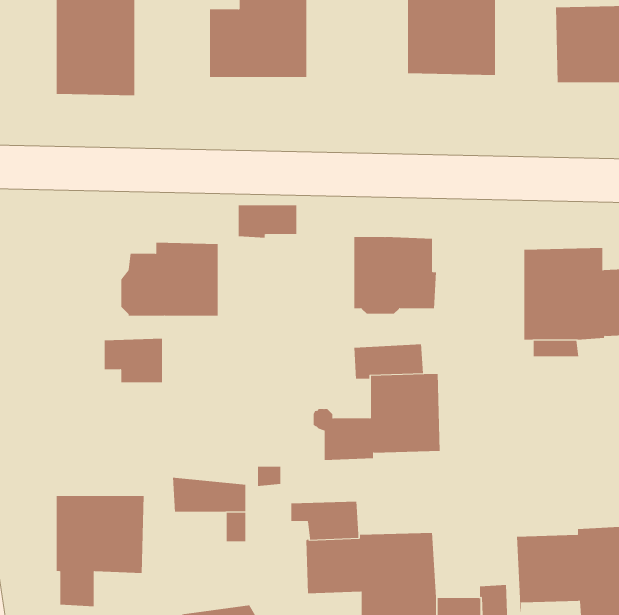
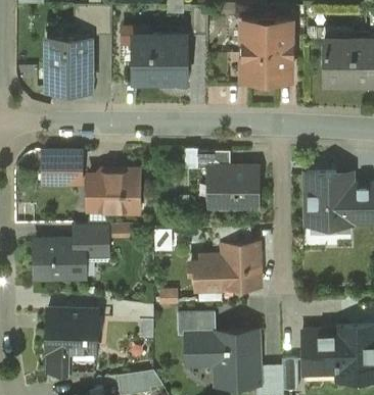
building: [238,205,297,238] -> [197,152,230,170]
building: none -> [43,151,81,186]
building: none -> [35,242,84,280]

